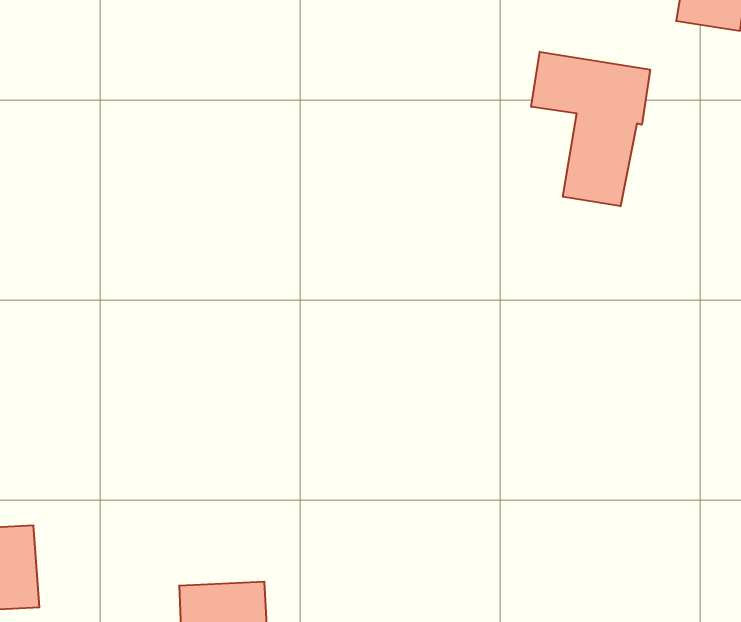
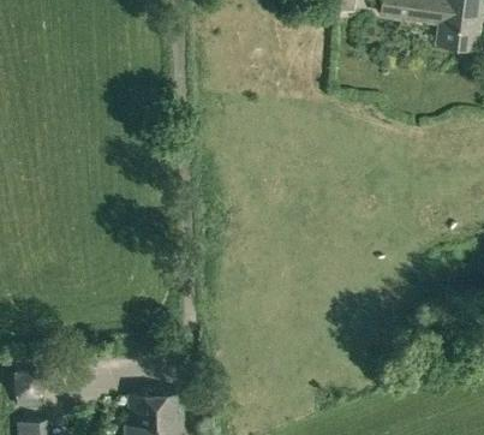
building: [531,52,650,206] -> none

